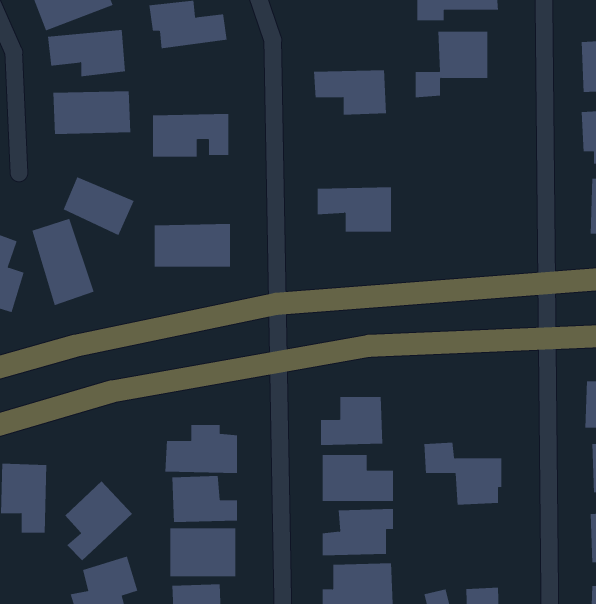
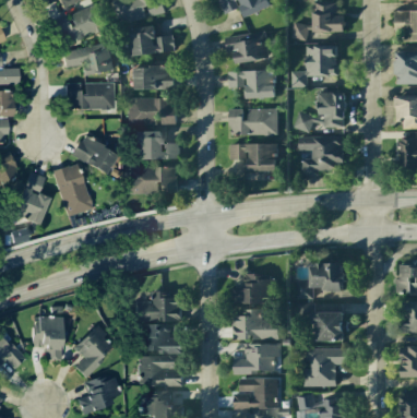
building: none -> [226,32,270,63]
building: none -> [135,65,177,89]
building: none -> [297,92,347,130]
building: none -> [230,109,279,135]
building: none -> [134,131,180,159]
building: none -> [300,136,345,176]
building: none -> [298,263,345,299]
building: none -> [305,348,349,386]

